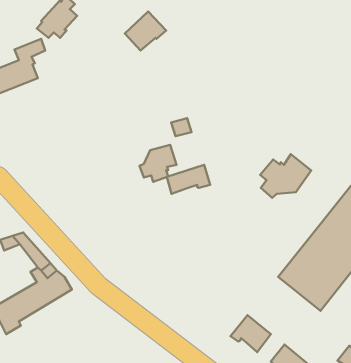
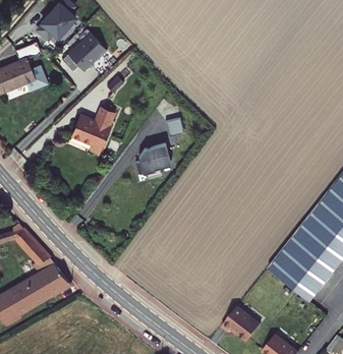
building: [125,11,166,51] -> [66,34,106,71]
building: none -> [72,106,116,154]
building: [260,154,311,198] -> none
building: [167,165,210,194] -> none

